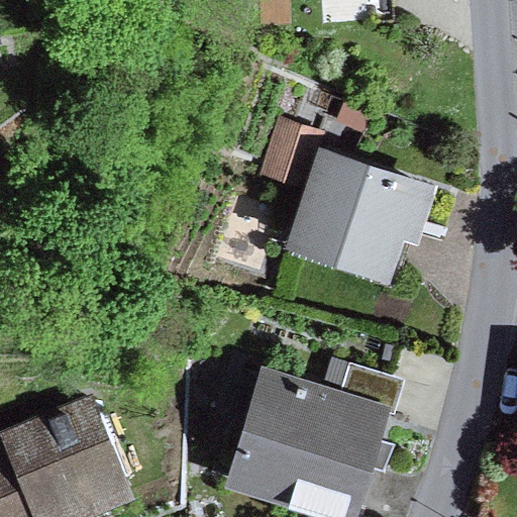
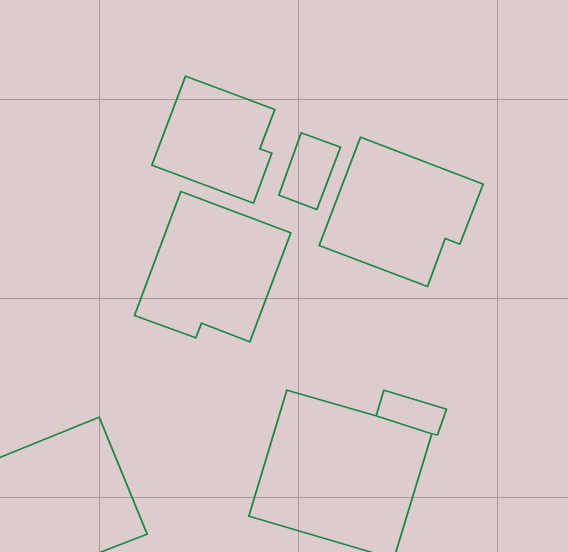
building: none -> [152,76,275,203]
building: none -> [134,192,291,342]

